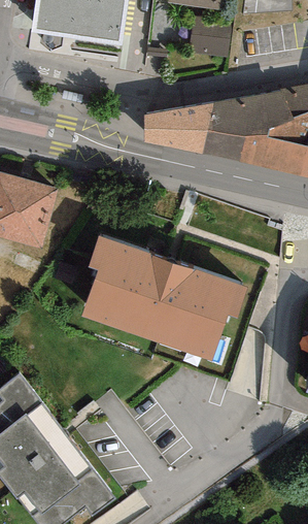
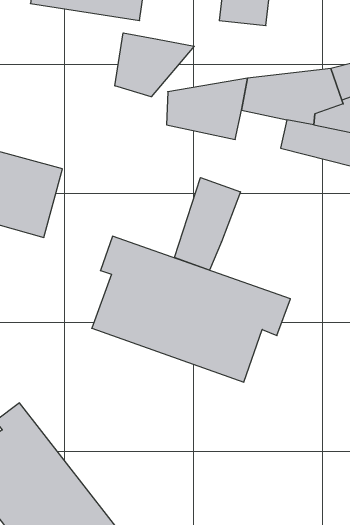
building: none -> [115,33,194,97]
building: [202,128,245,160] -> none
building: none -> [174,178,240,270]

